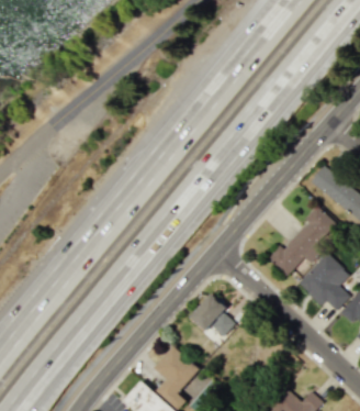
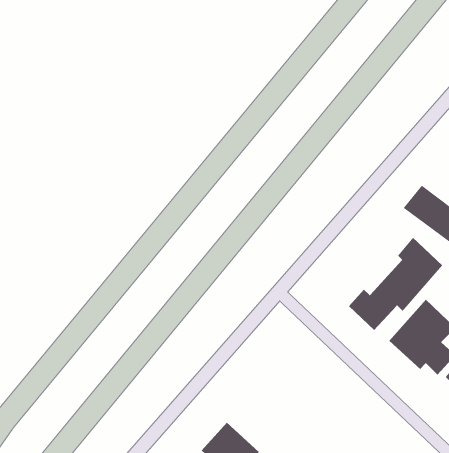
building: [190,293,235,337] -> none

